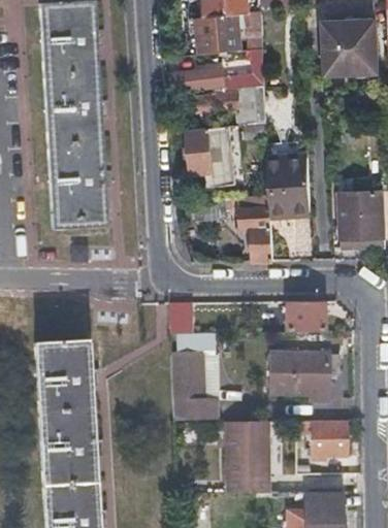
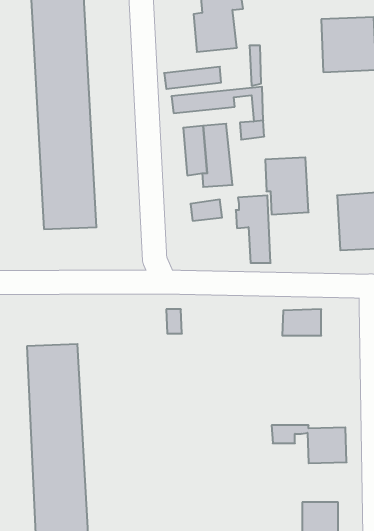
building: [169,351,215,418] -> none
building: [270,353,338,400] -> none
building: [227,420,270,493] -> none

